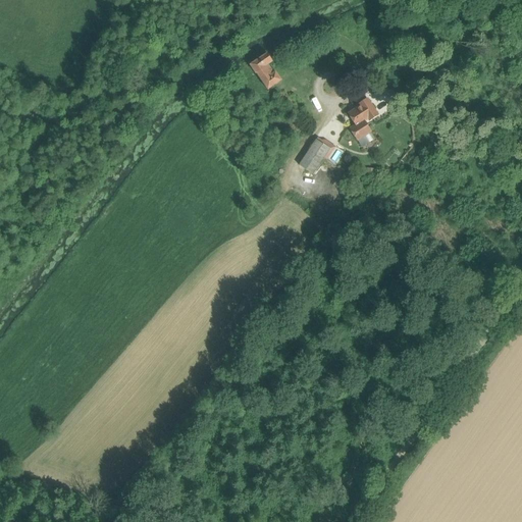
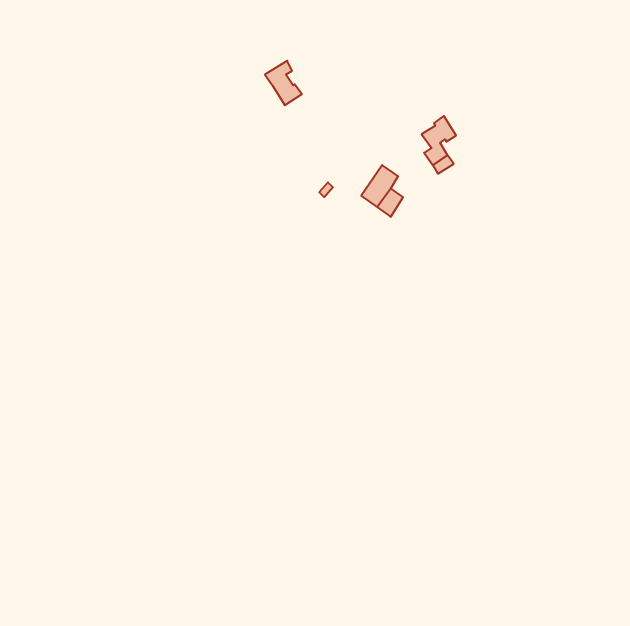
building: [250,50,280,87] -> [265,61,302,105]

